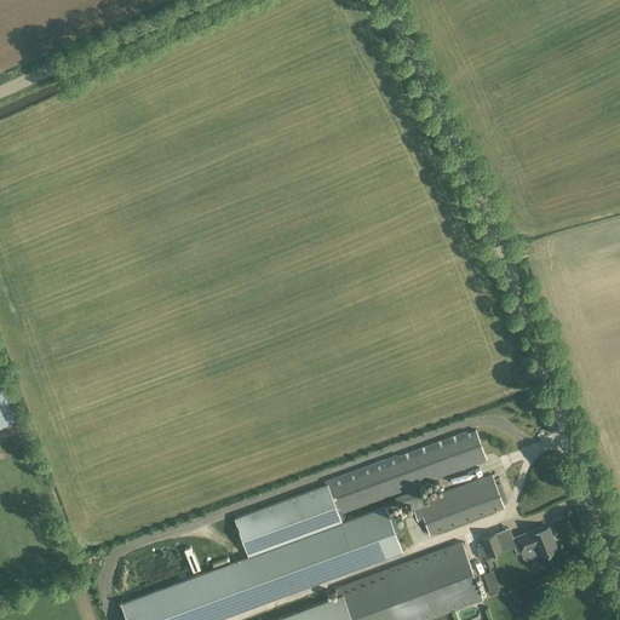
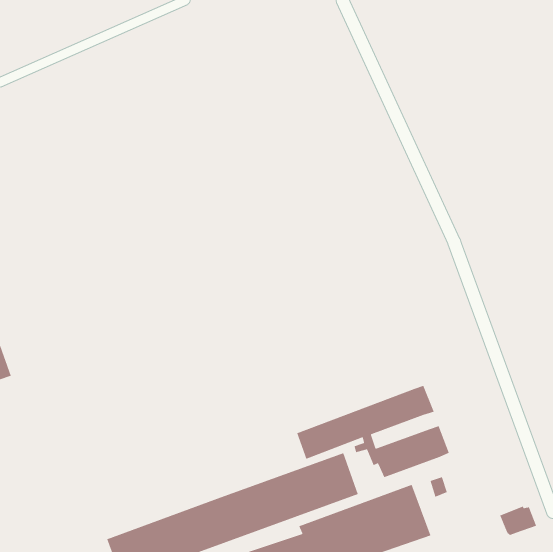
building: [232,486,344,557] -> none
building: [513,528,556,562] -> [499,505,537,536]

